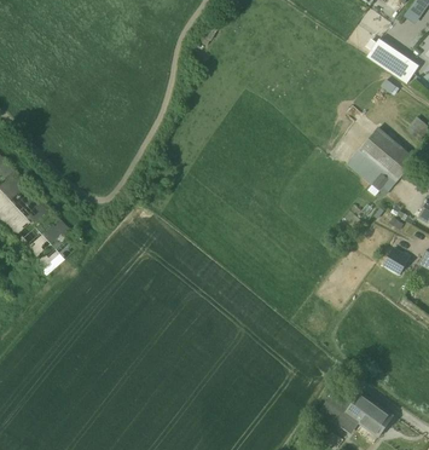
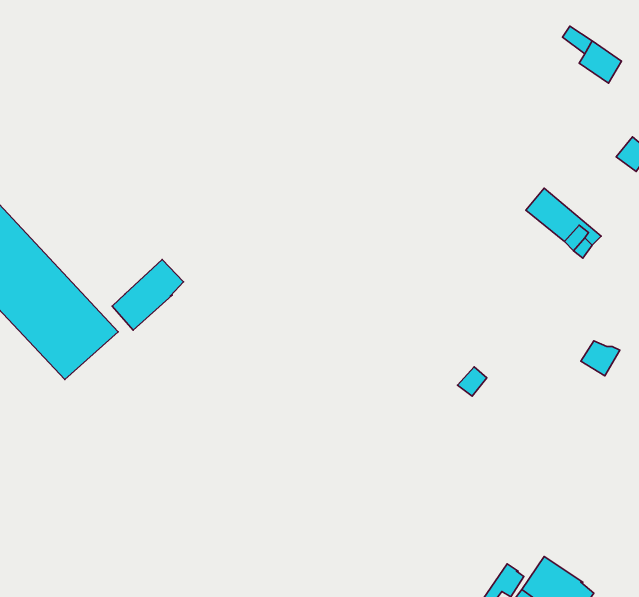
building: [361,127,417,180] -> none
building: none -> [112,259,183,330]

